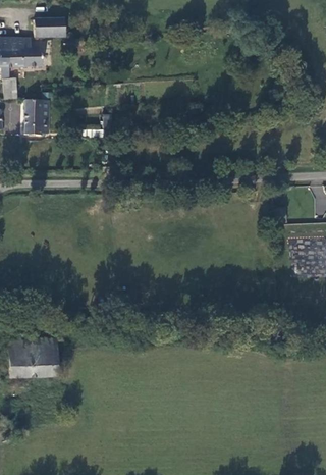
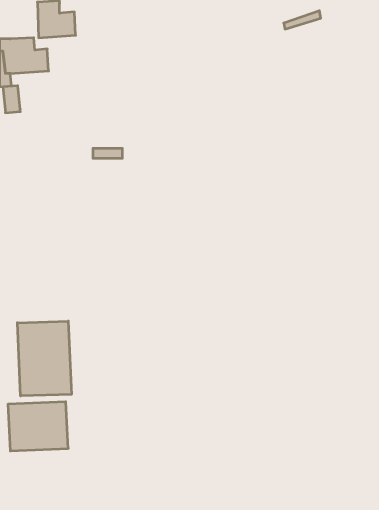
building: [24,99,42,135] -> none
building: none -> [17,321,71,396]

